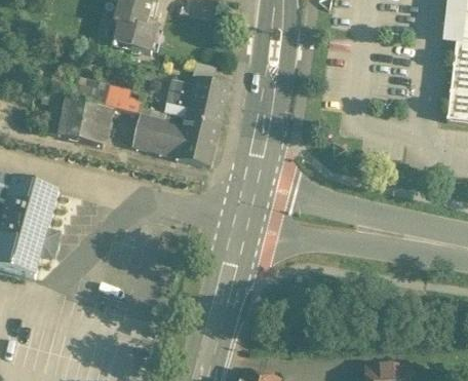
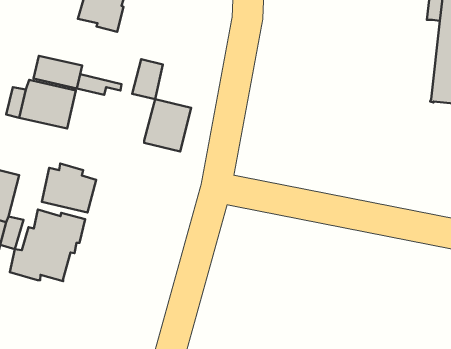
building: [187,76,230,124] -> none
building: [133,109,185,155] -> [42,164,96,213]
building: none -> [10,210,85,281]

